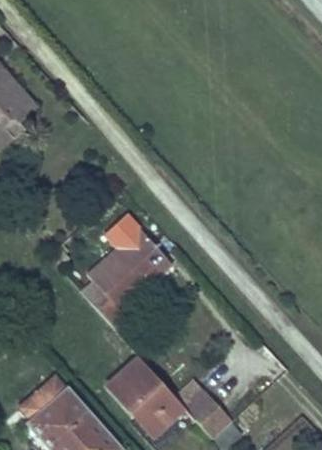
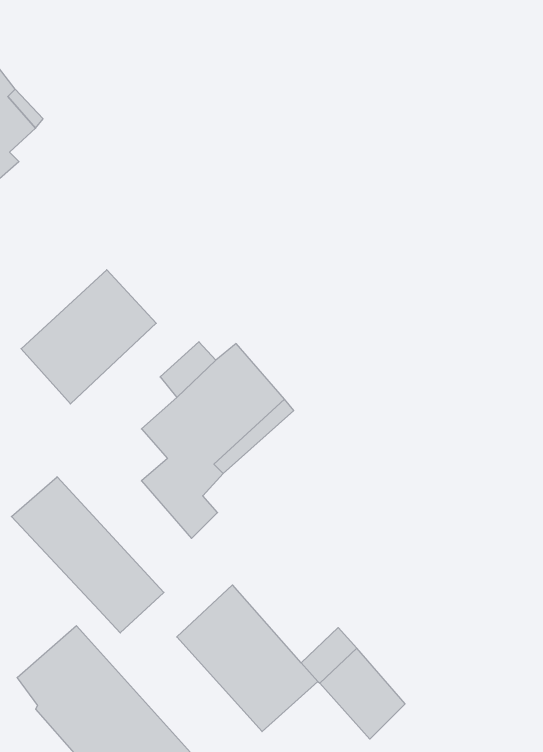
building: none -> [21,270,156,404]
building: none -> [11,477,164,633]

